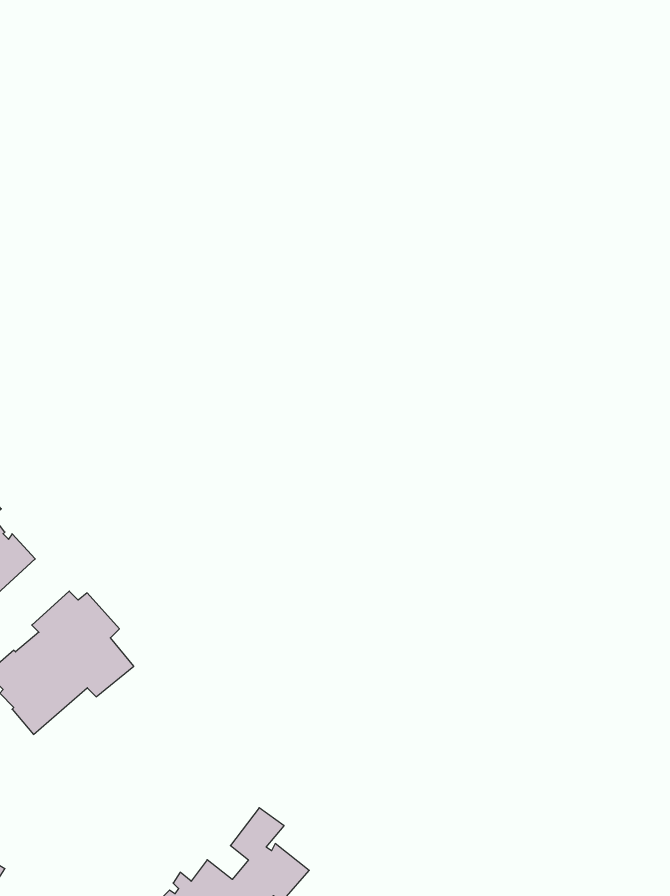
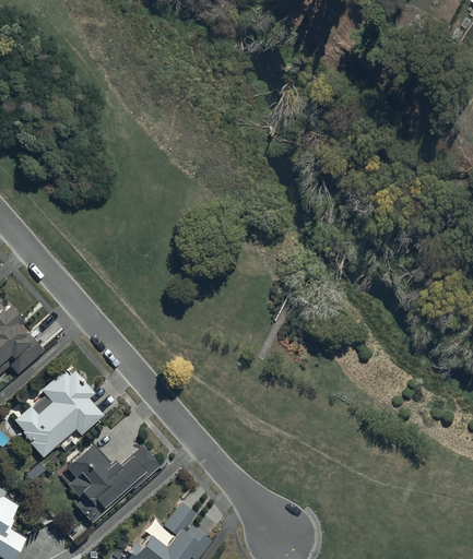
building: none -> [66,444,159,523]

